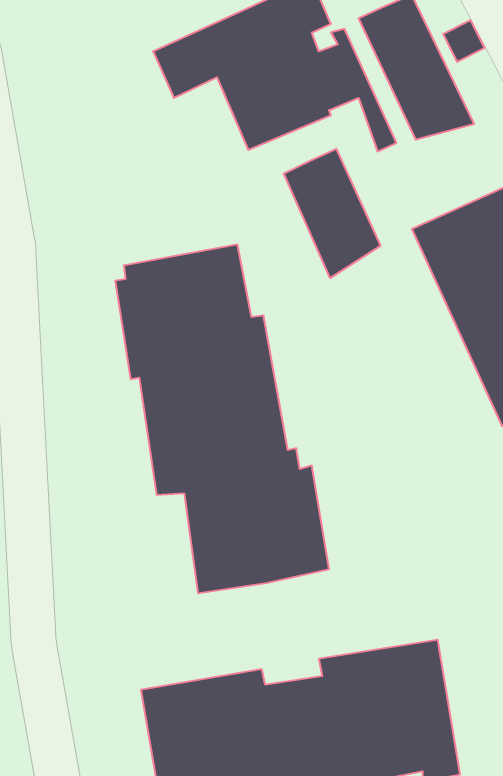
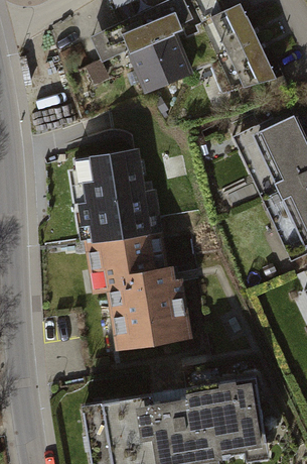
building: [284,149,380,278] -> none

